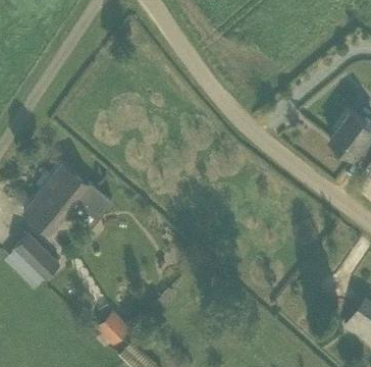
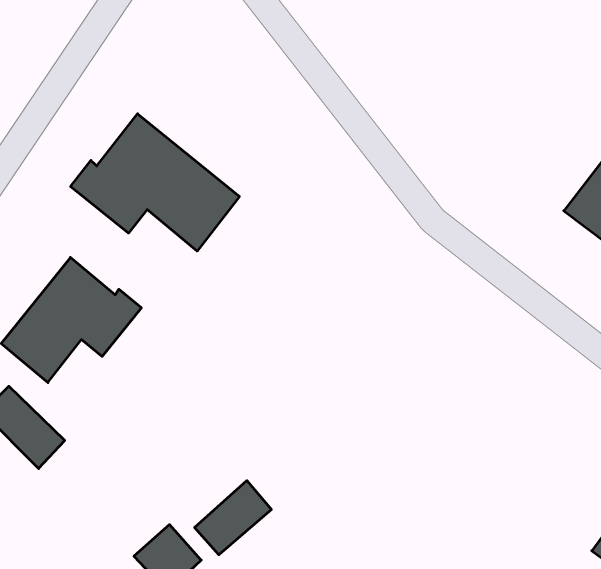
building: none -> [71,114,239,251]
building: none -> [195,481,271,555]

